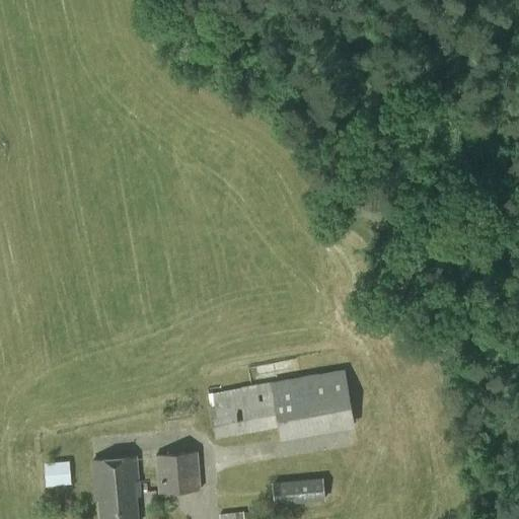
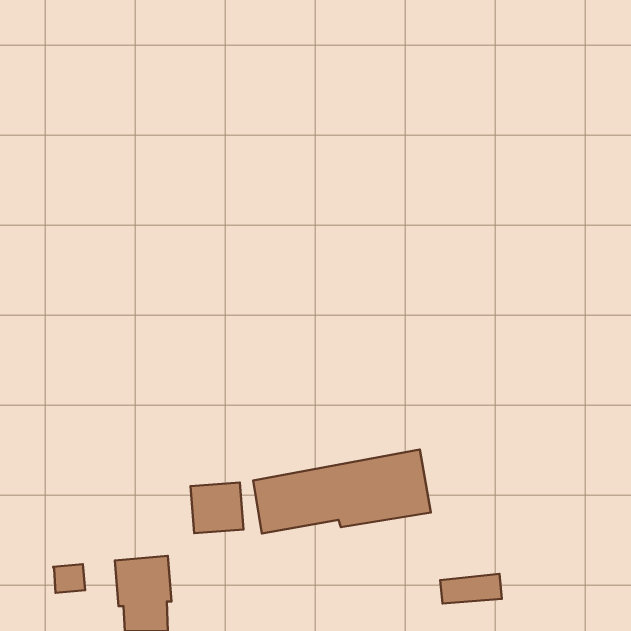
building: [156,451,200,493] -> [190,483,244,533]
building: [273,478,323,503] -> [440,574,502,604]

